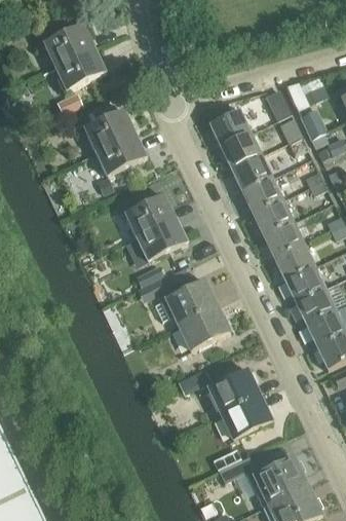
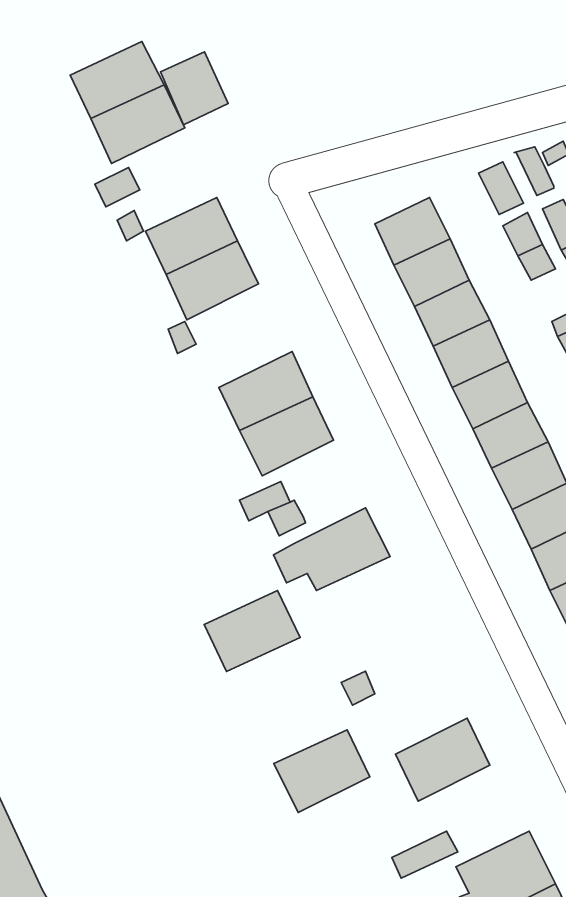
building: none -> [160,52,228,125]
building: [178,305,230,349] -> [204,591,300,671]
building: [207,368,260,413] -> [274,730,370,812]

